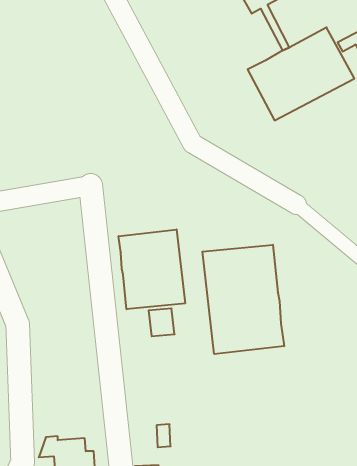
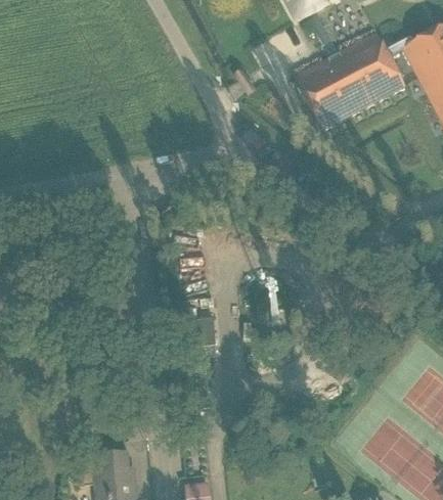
building: [119,229,185,309] -> none
building: [202,245,284,354] -> none

